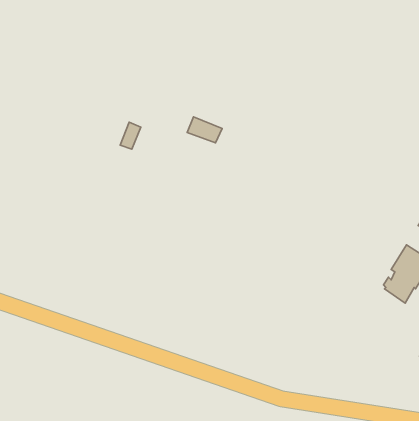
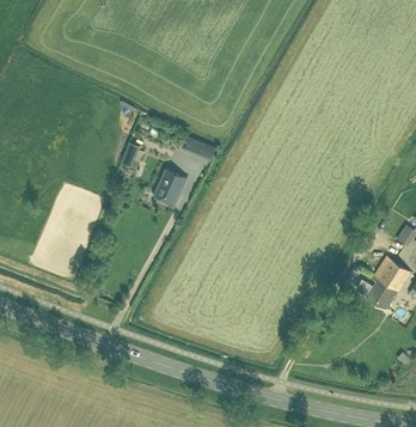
building: none -> [154,169,186,205]

